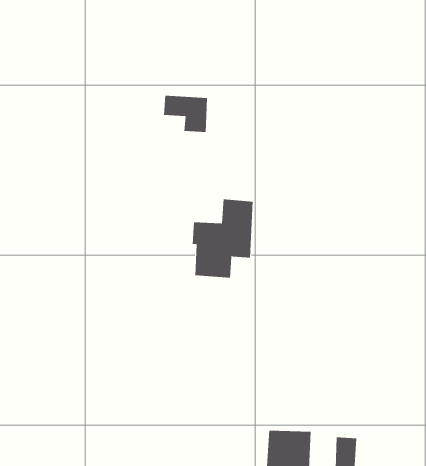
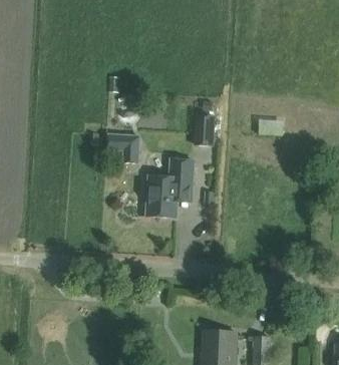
building: [163,95,208,133] -> [106,133,139,161]
building: none -> [194,114,215,145]

